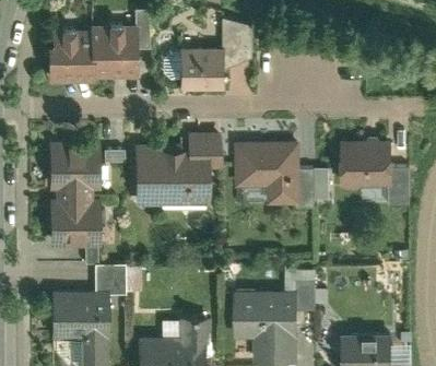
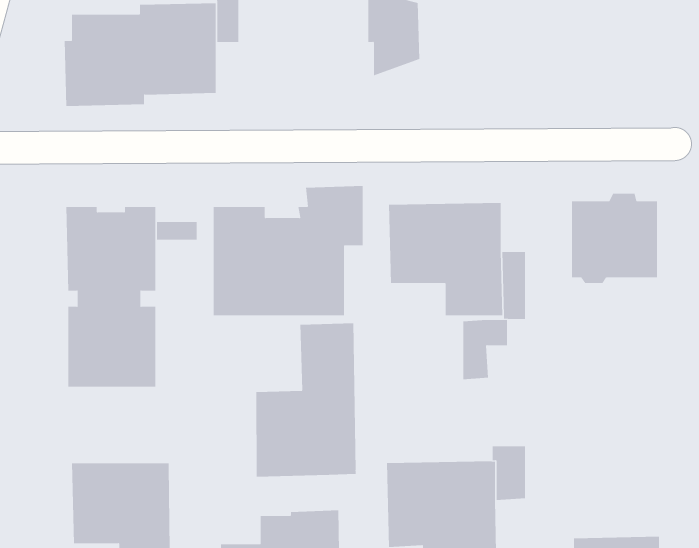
building: [178,48,226,90] -> none
building: [314,168,340,203] -> [462,319,508,380]
building: [388,168,409,208] -> none
building: none -> [256,322,356,478]
building: [92,264,122,294] -> none

